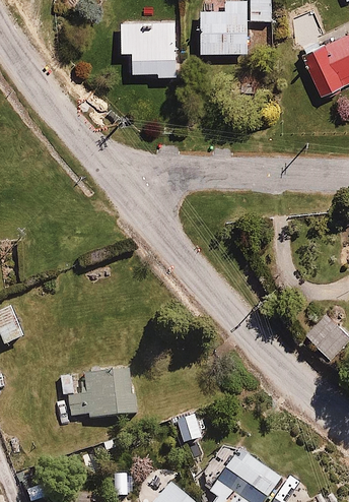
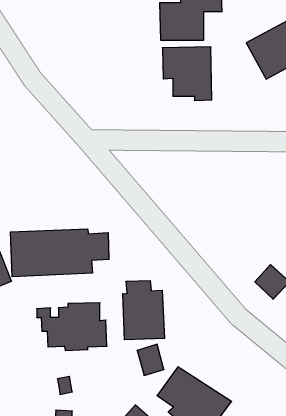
building: [121,16,179,79] -> [162,47,212,101]
building: none -> [11,229,109,277]
building: none -> [123,281,165,340]

